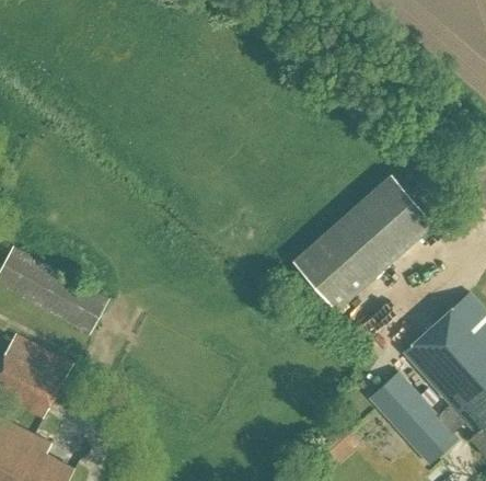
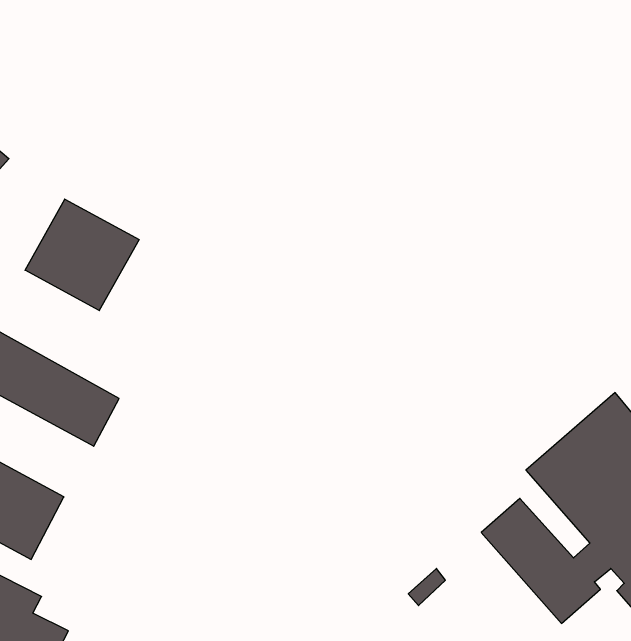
building: none -> [25,199,139,311]
building: [293,174,436,310] -> none

